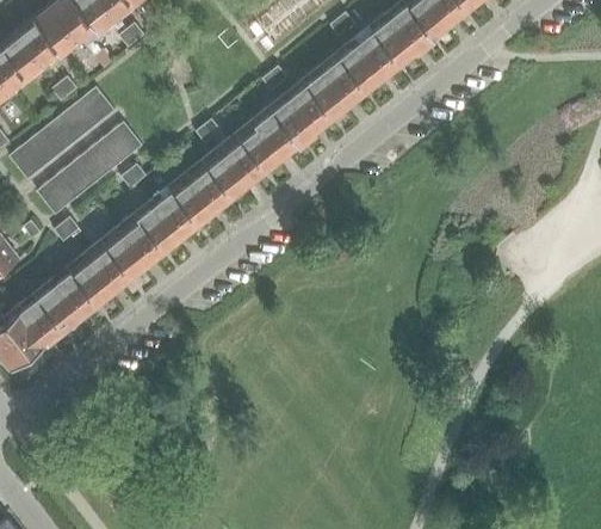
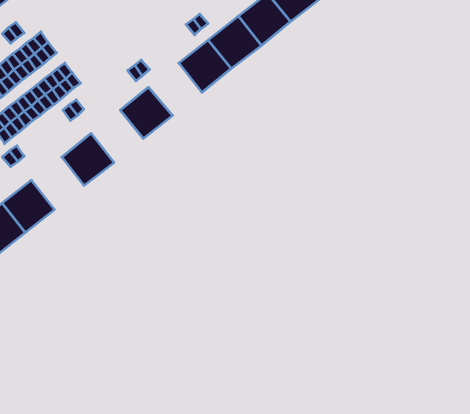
building: [221,124,281,184] -> none
building: [155,178,215,238] -> none
building: [87,232,147,291] -> none

